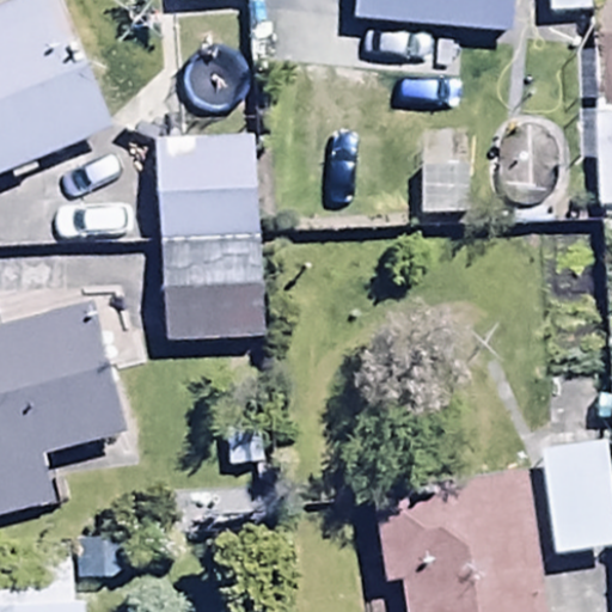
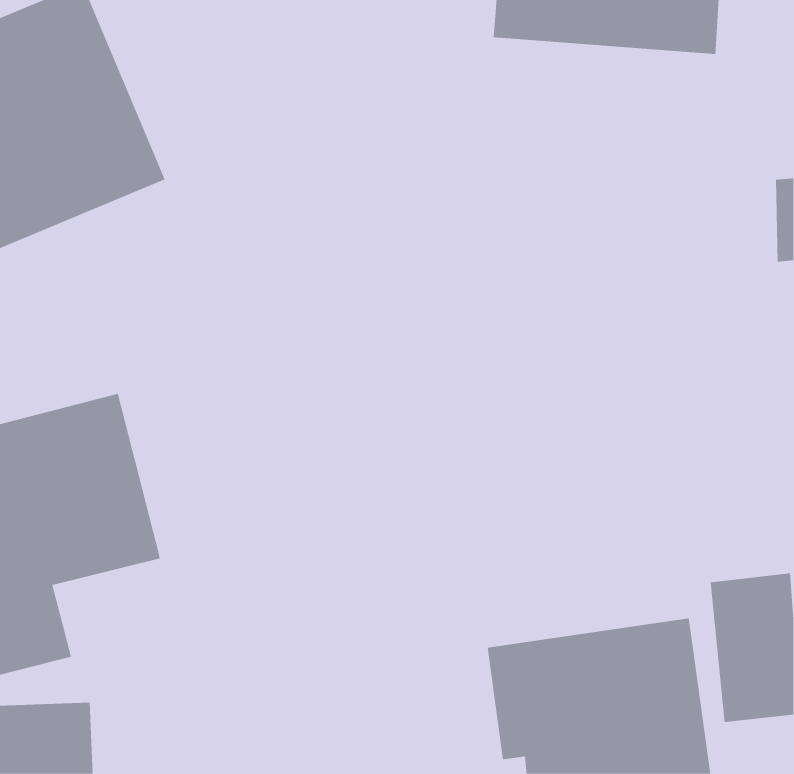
building: [154,130,265,337] -> none

